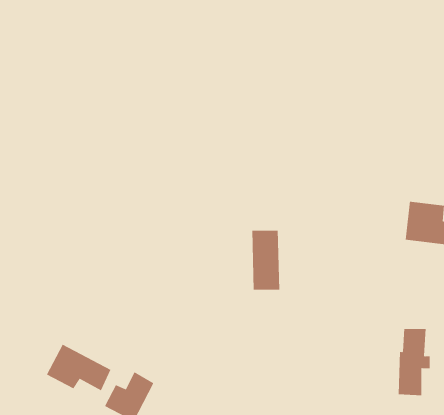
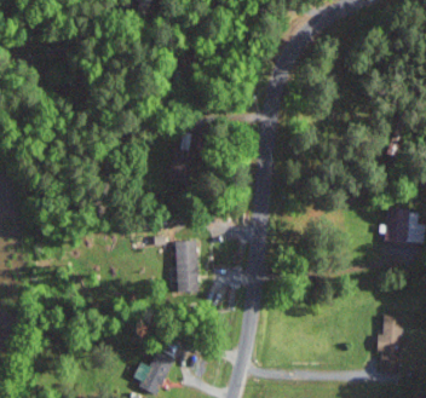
building: [251,230,280,290] -> [174,241,198,292]
building: [46,344,111,391] -> none

